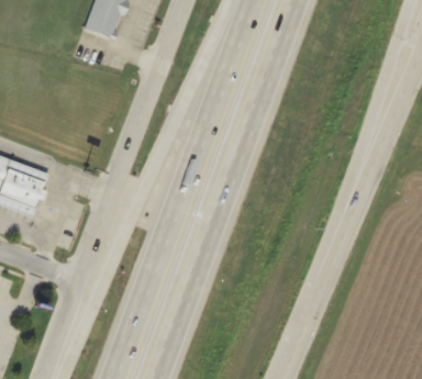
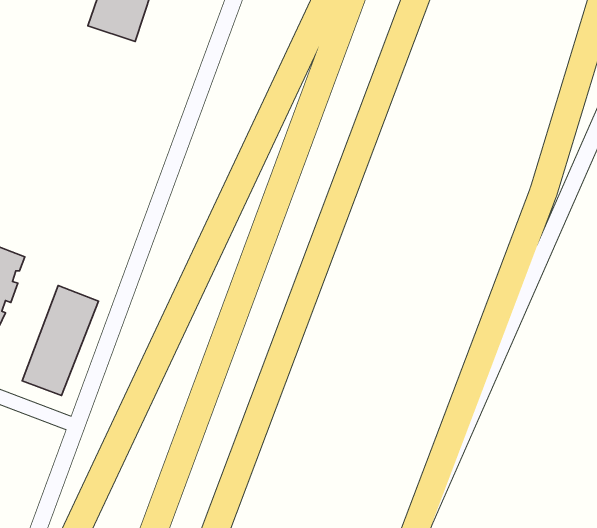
building: none -> [22,285,99,396]

